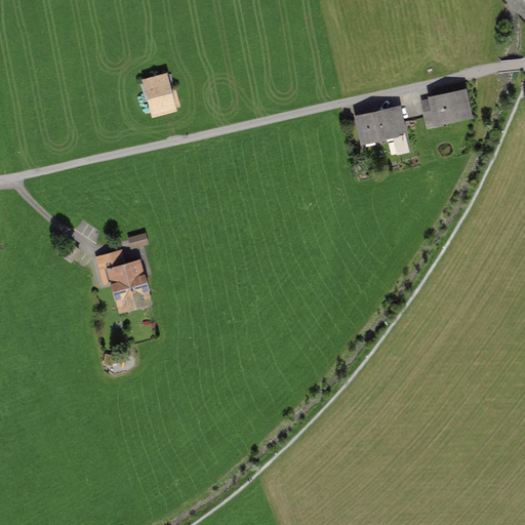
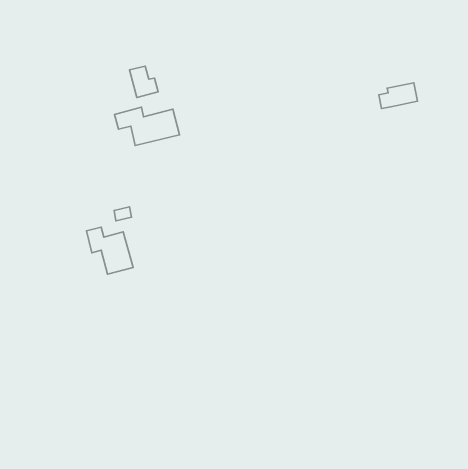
building: [358,109,406,153] -> none
building: none -> [114,107,180,146]

